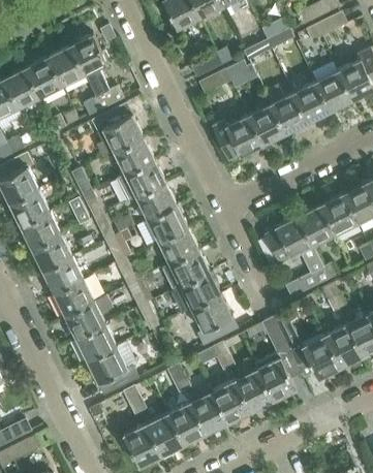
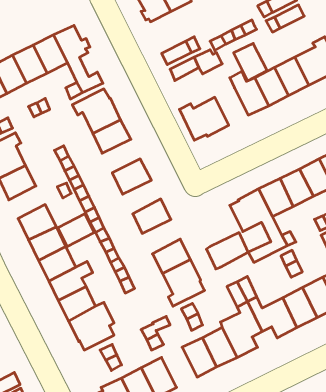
building: [248,104,285,146] -> [234,43,267,81]
building: [118,161,165,200] -> none
building: [146,207,188,244] -> none
building: [20,213,60,249] -> [58,214,94,246]
building: [163,250,210,290] -> [206,233,248,269]
building: [189,391,228,436] -> none

